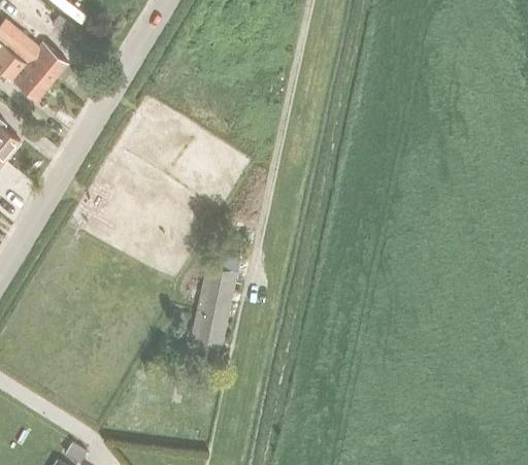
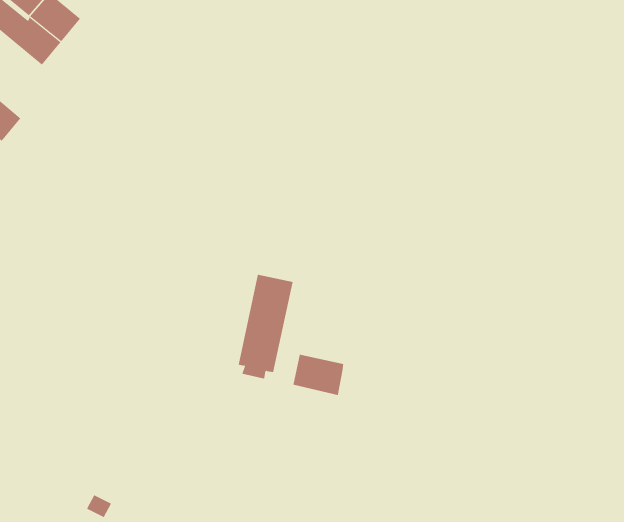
building: none -> [293,354,344,396]

